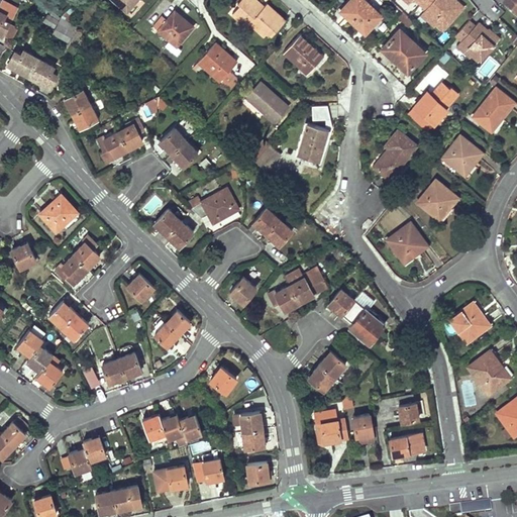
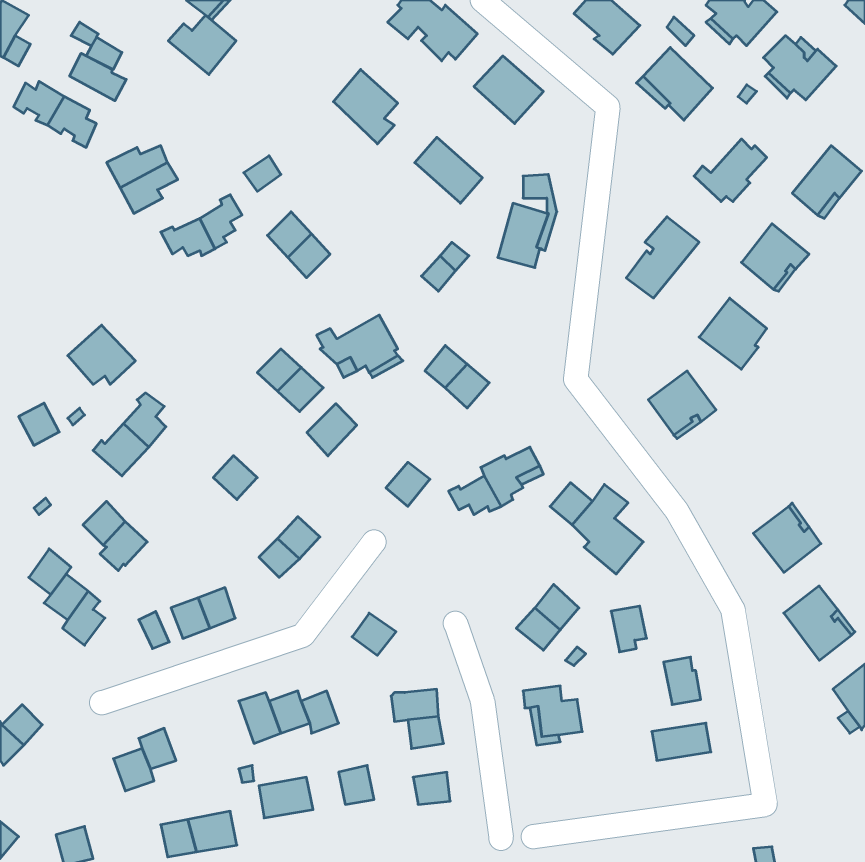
building: [152,12,193,47] -> [168,15,236,75]
building: none -> [70,53,126,101]
building: none -> [307,404,357,456]
building: [351,414,373,441] -> [611,606,647,652]

